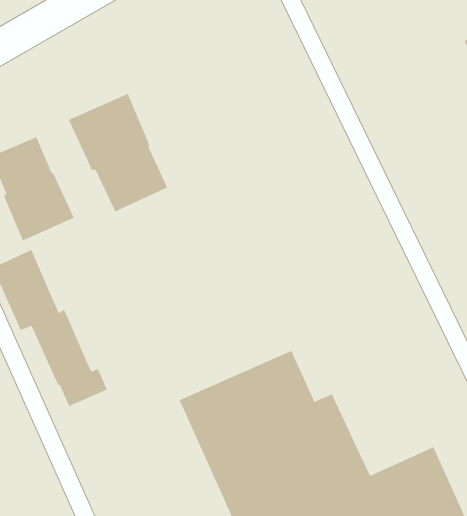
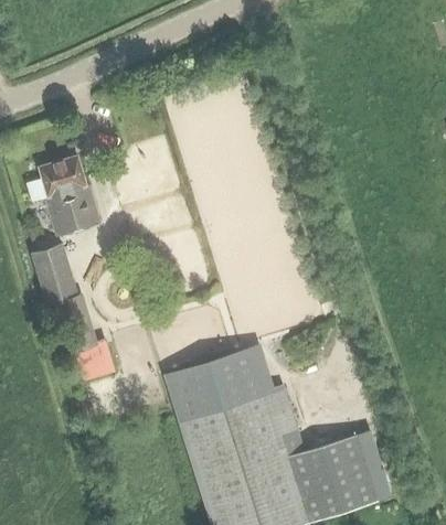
building: [68,93,168,213] -> none

